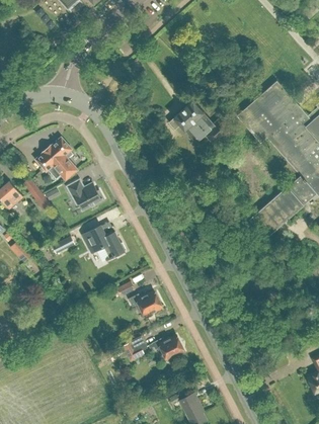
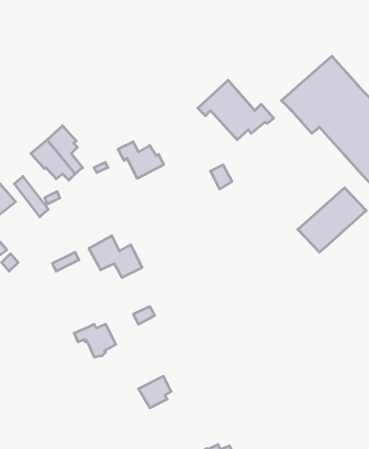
building: [67,179,103,208] -> [118,142,164,178]
building: [129,290,162,317] -> [74,324,116,357]
building: [148,335,184,358] -> none

